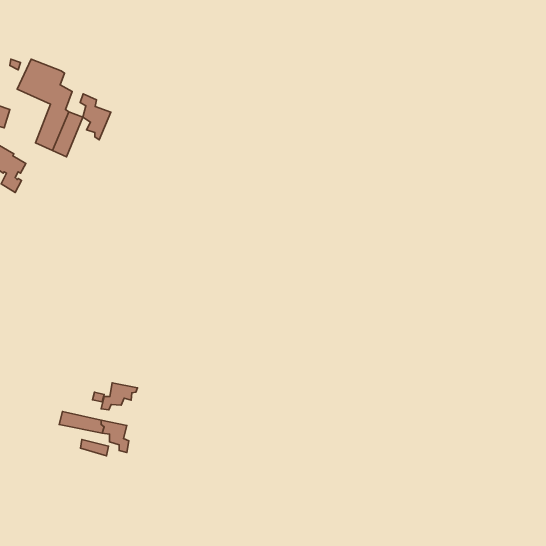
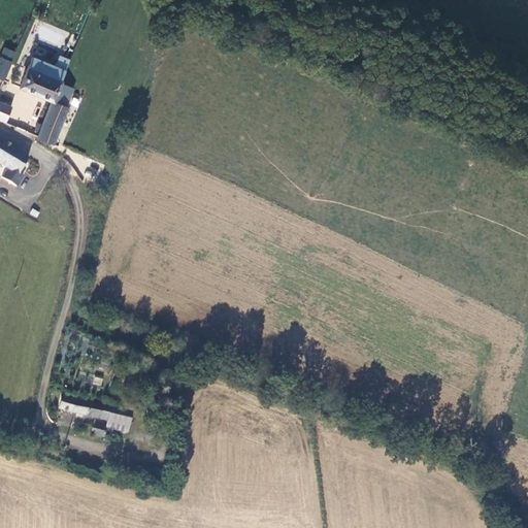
building: [80,94,111,140] -> none
building: [101,383,137,410] -> none

